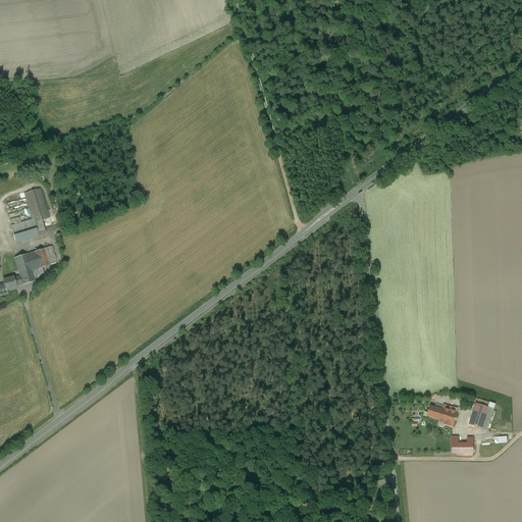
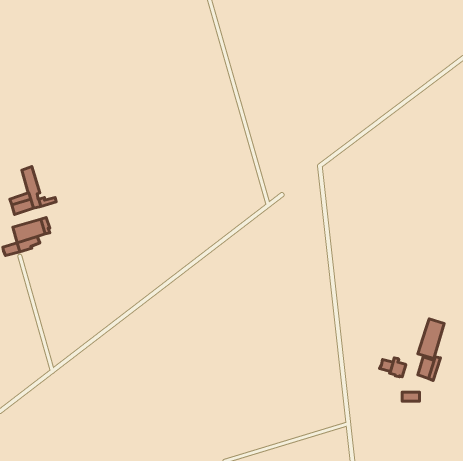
building: none -> [418,319,444,359]

